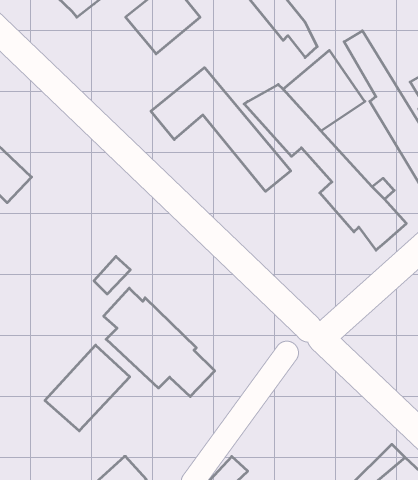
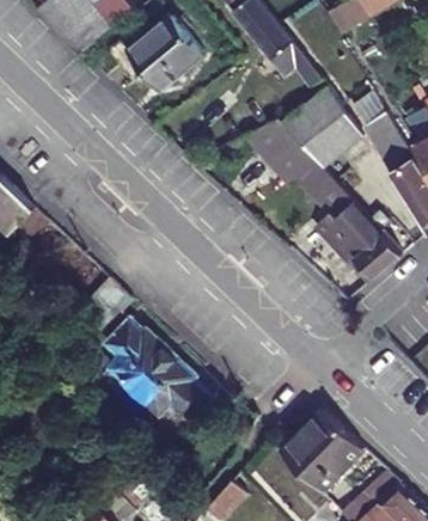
building: [151,68,291,191] -> none
building: [45,345,130,431] -> none
building: none -> [285,410,367,495]

